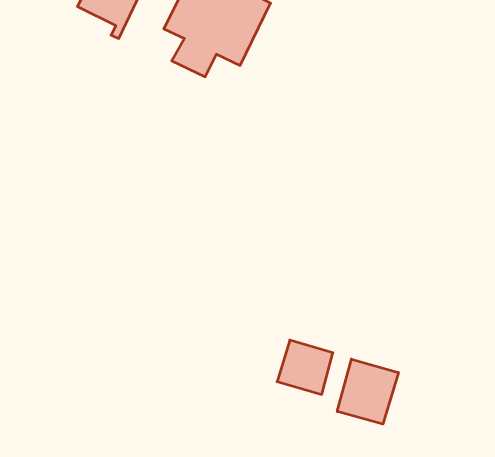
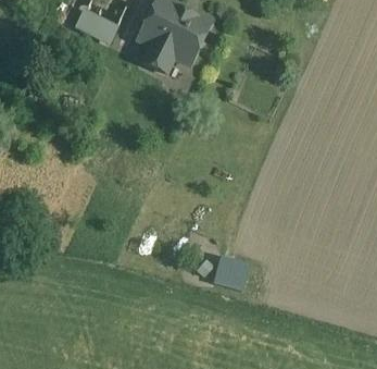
building: [337,359,398,424] -> none

